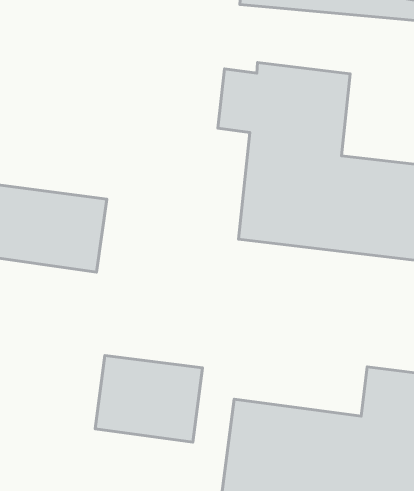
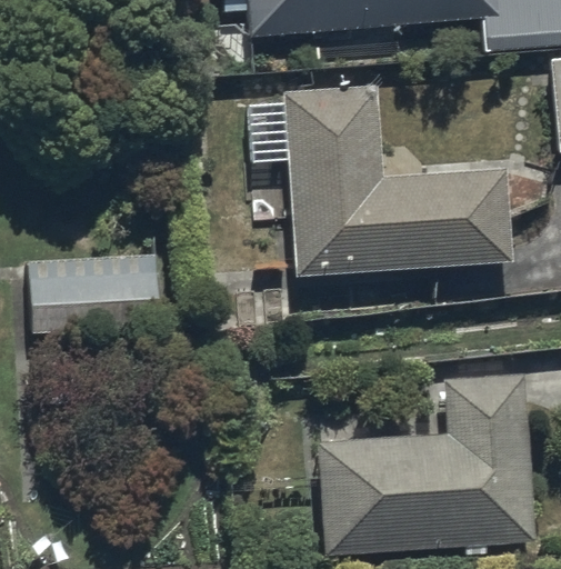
building: [95,356,202,442] -> none

